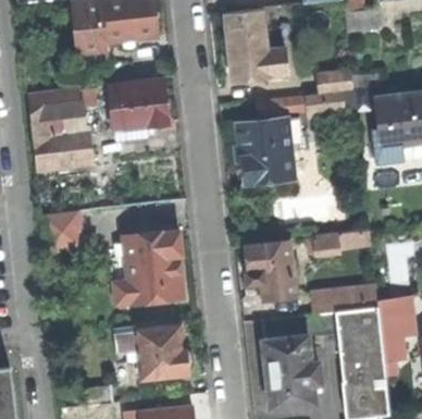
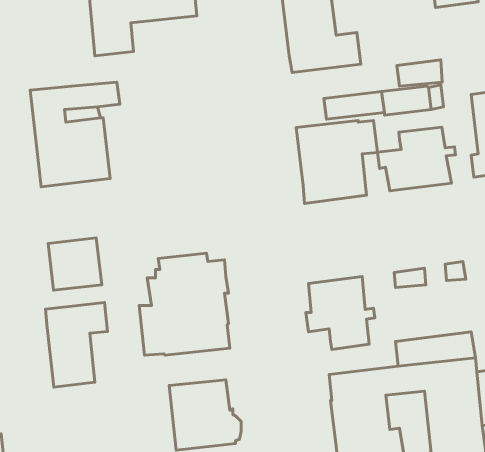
building: [110,79,167,137] -> none
building: none -> [377,127,456,191]
building: none -> [46,303,107,387]

